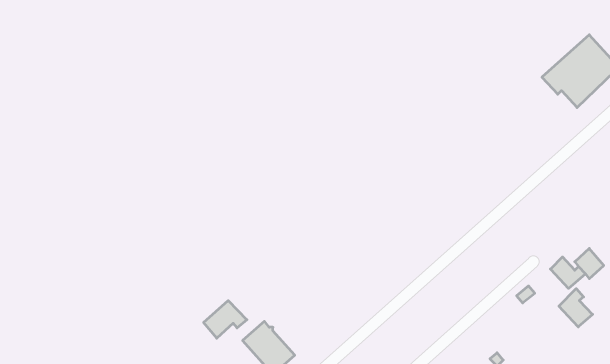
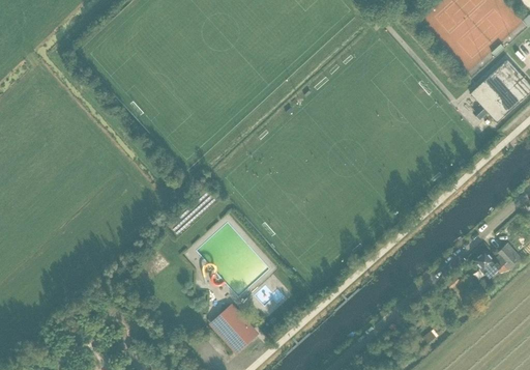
building: [559,289,593,327] -> none
building: [204,301,247,338] -> none

